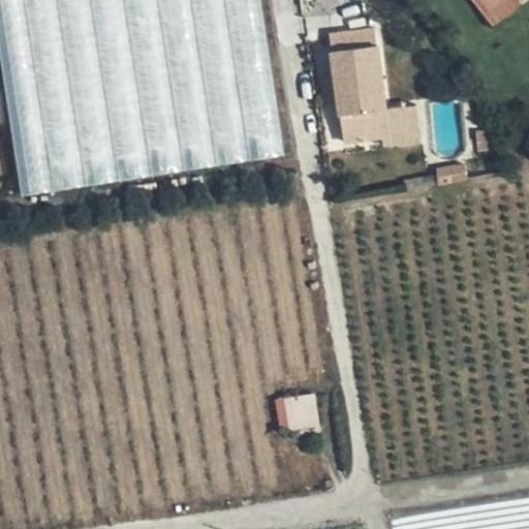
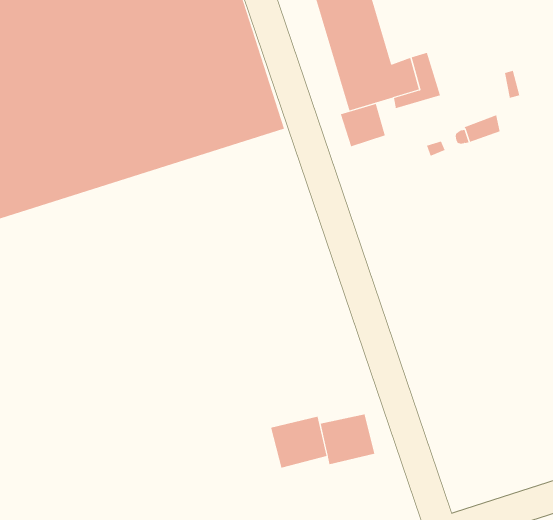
building: none -> [340,103,385,147]
building: none -> [271,416,327,469]

